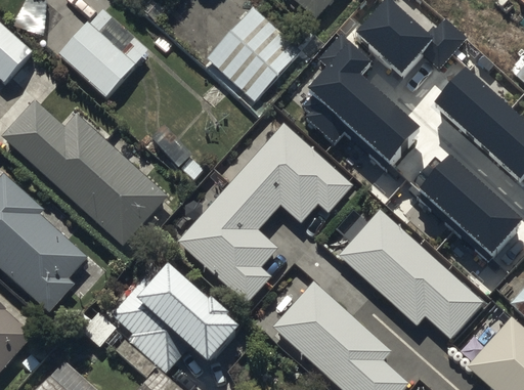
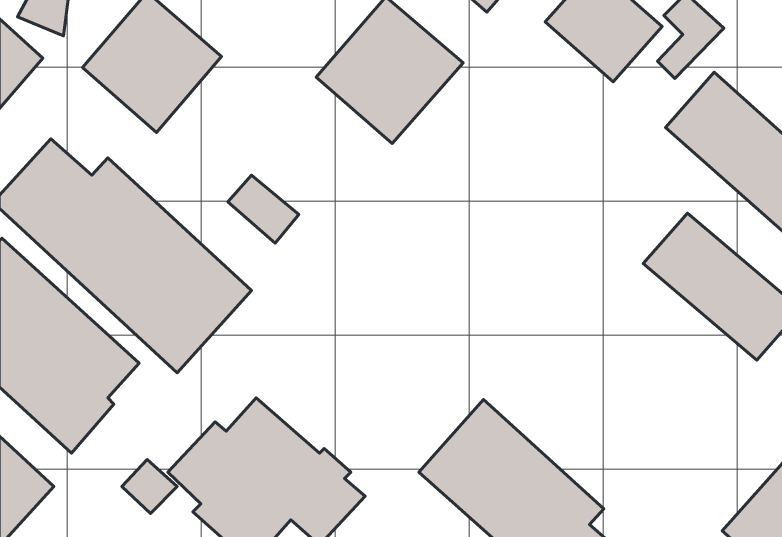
building: [306,42,418,159] -> none
building: [178,118,352,298] -> none
building: [338,204,484,333] -> none

